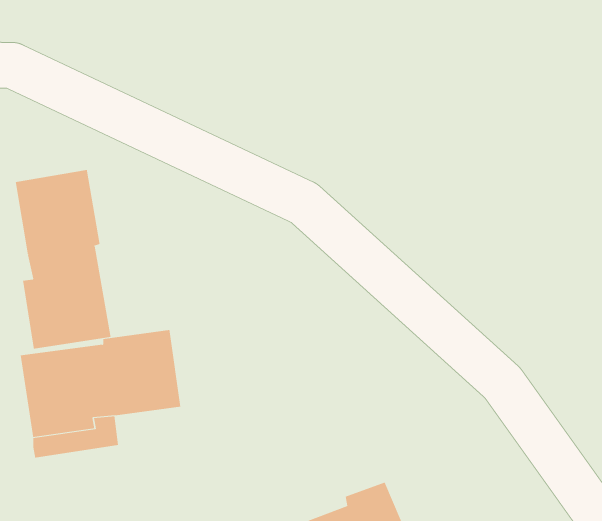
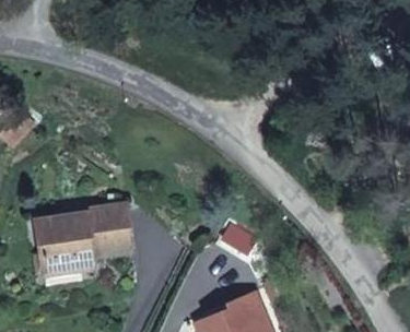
building: [15,169,111,350] -> none

